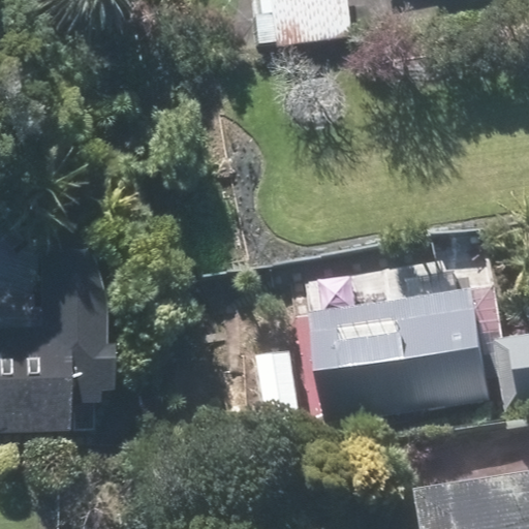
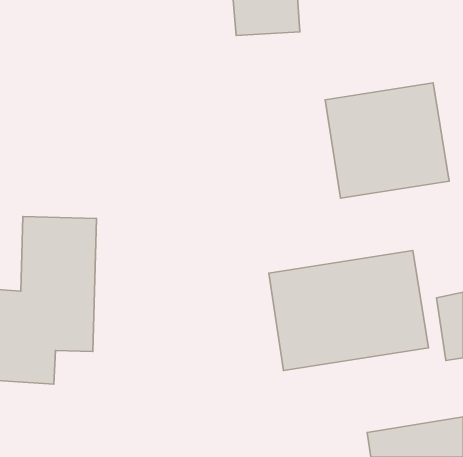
building: none -> [325,83,449,198]

